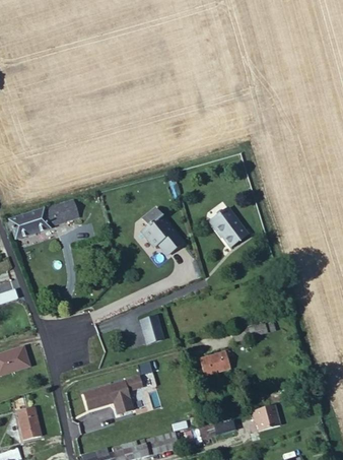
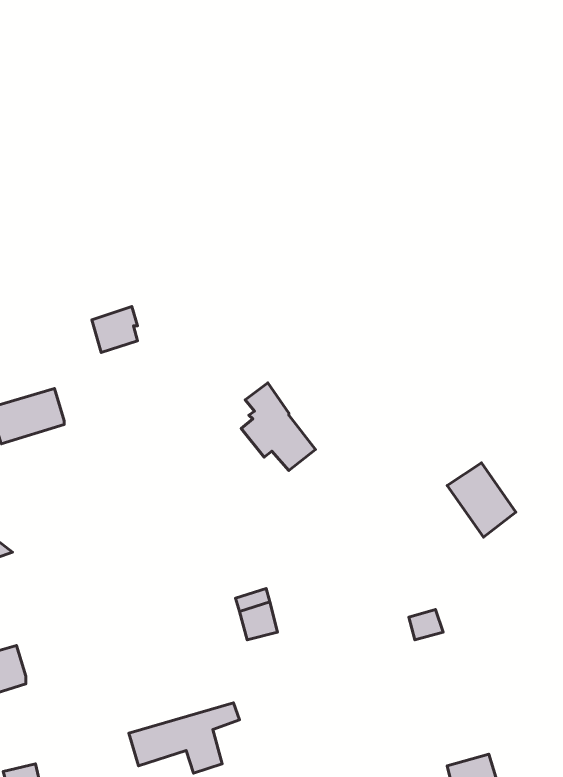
building: [44,202,68,226] -> [92,307,137,352]
building: [211,208,248,248] -> [447,463,516,537]
building: [199,351,230,376] -> none

